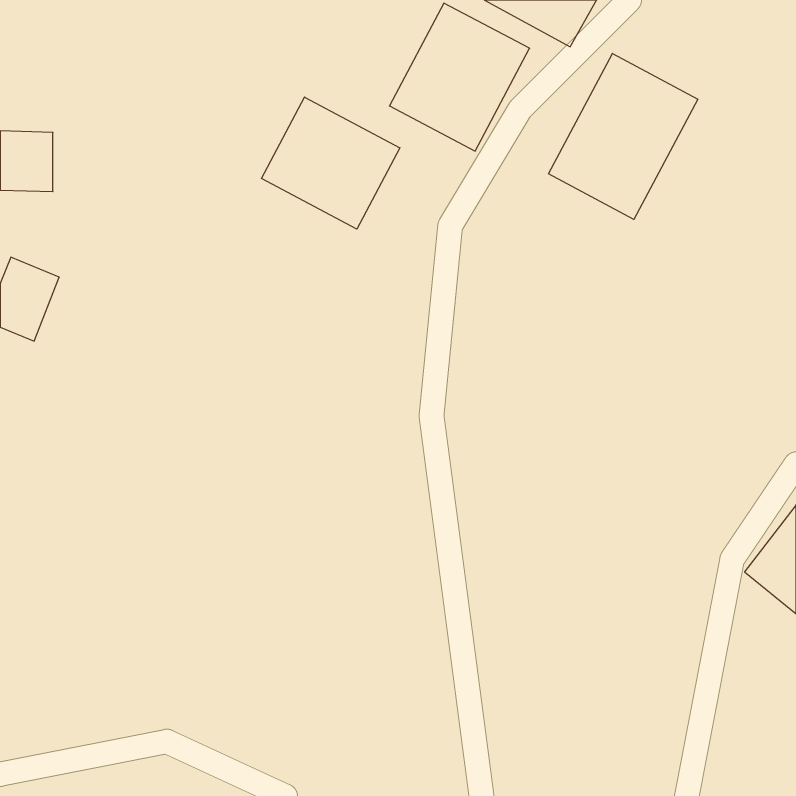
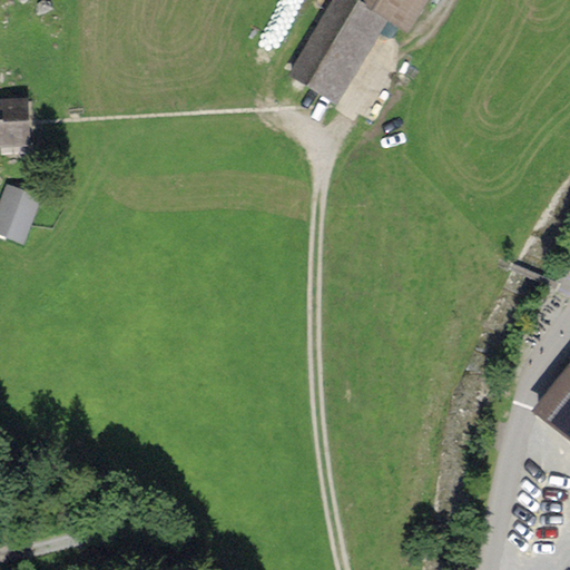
building: [549,53,698,219] -> none
building: [261,97,400,229] -> none

